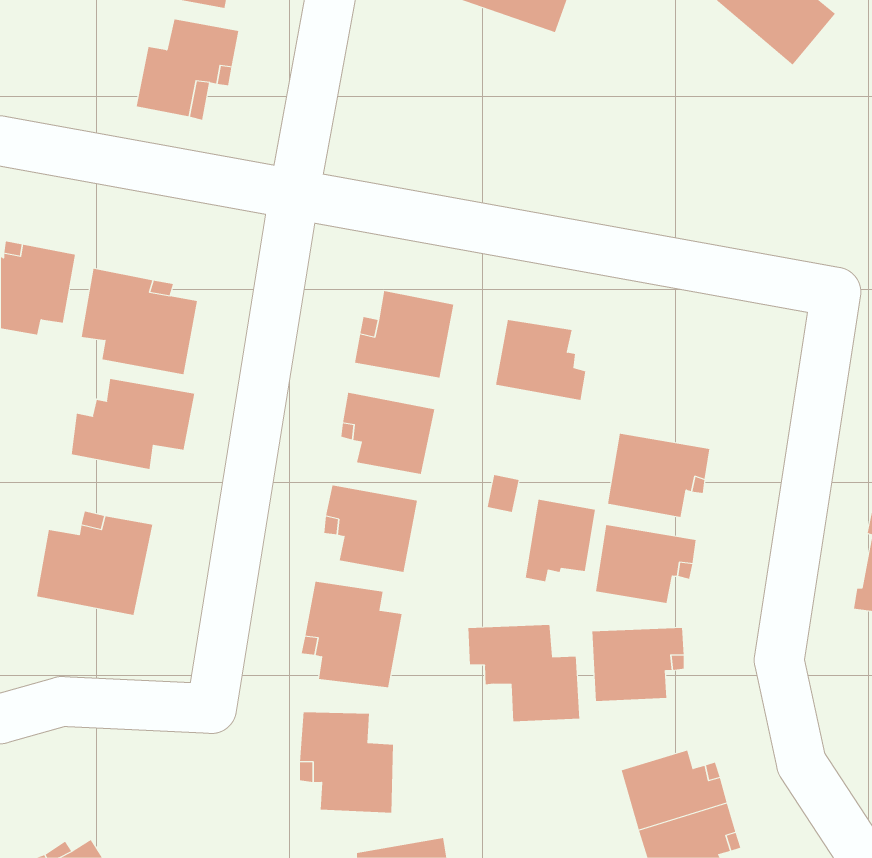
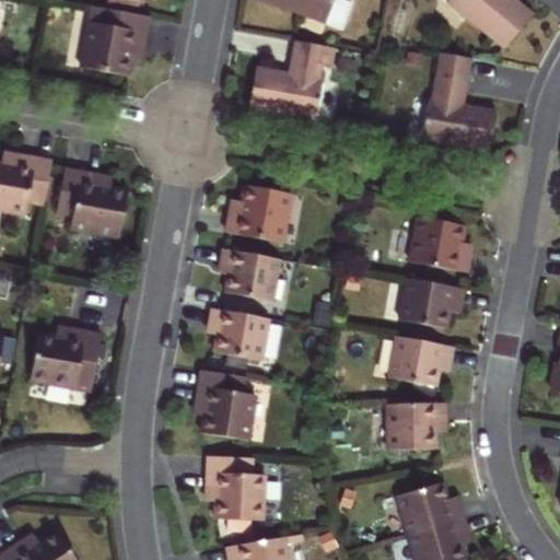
building: none -> [252,43,341,124]
building: none -> [419,52,497,151]
building: [495,320,586,400] -> [401,218,459,269]
building: [71,378,195,470] -> none
building: [525,499,595,582] -> none
building: [468,624,580,722] -> none

